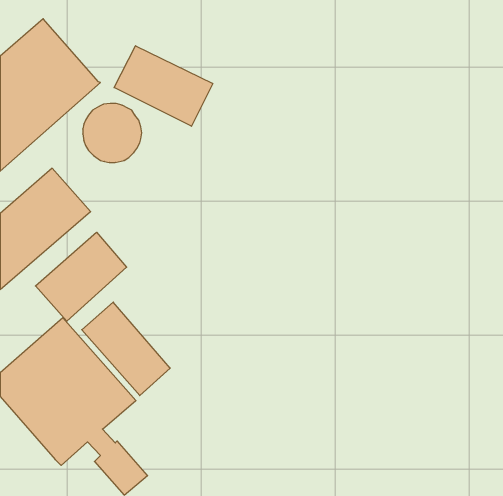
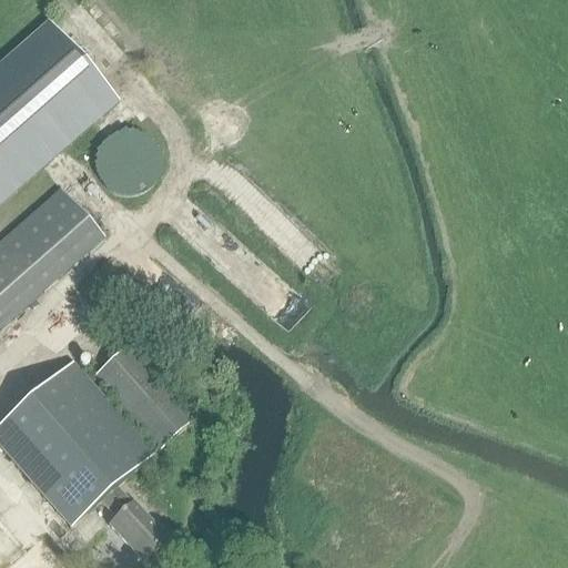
building: [114,46,213,126] -> none
building: [35,232,127,321] -> none

